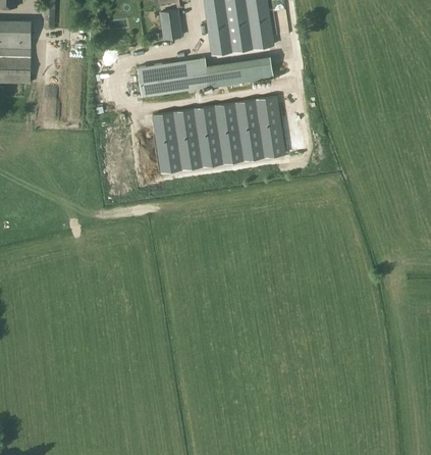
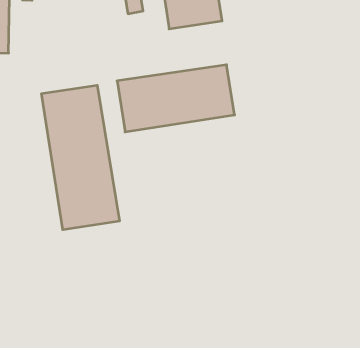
building: [138,55,275,96] -> none
building: none -> [42,85,119,230]

